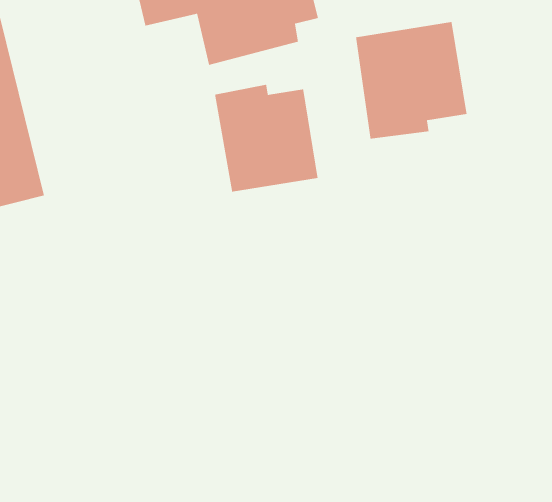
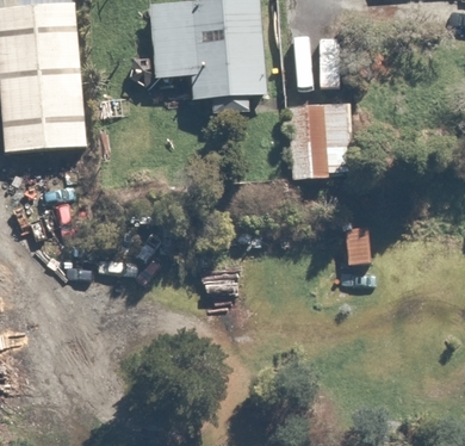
building: [214,84,318,193] -> none

